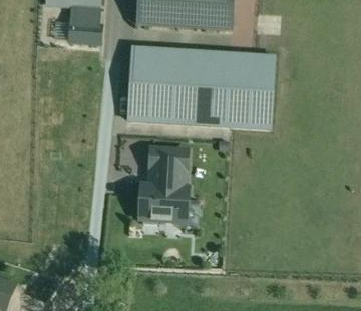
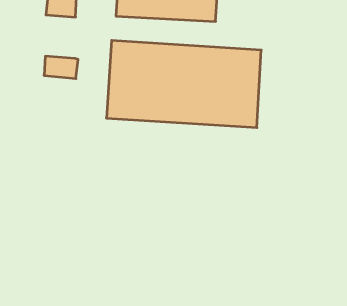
building: [69,22,101,43] -> [44,56,78,79]
building: [139,143,188,220] -> none

